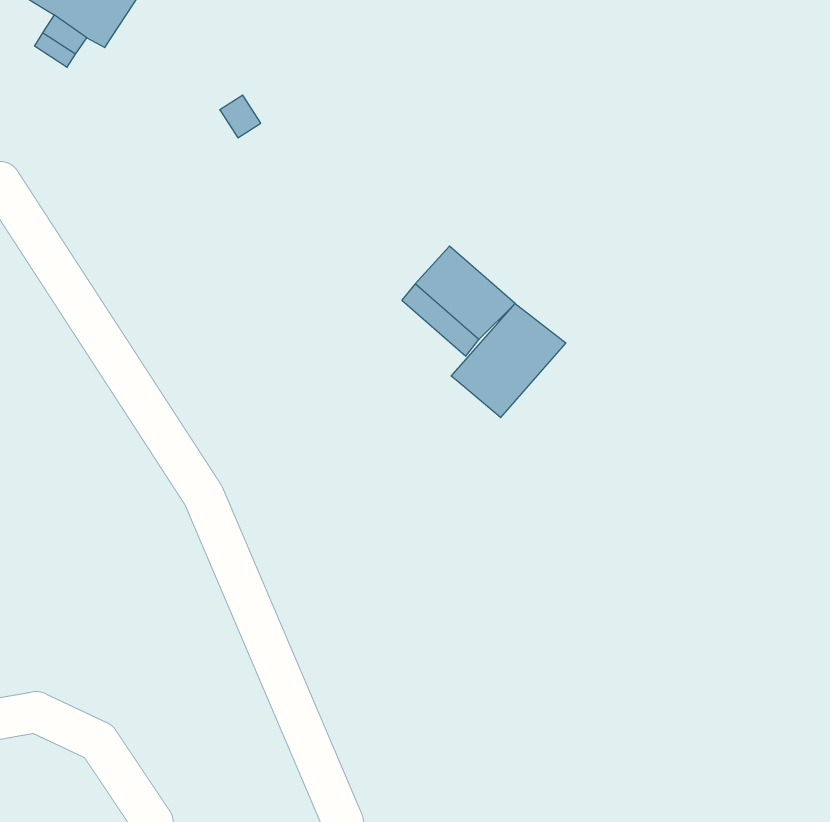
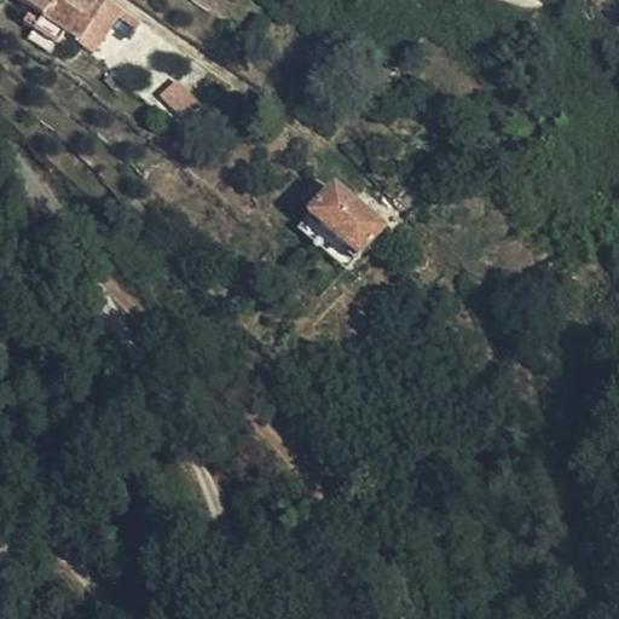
building: [451,304,566,418] -> none

